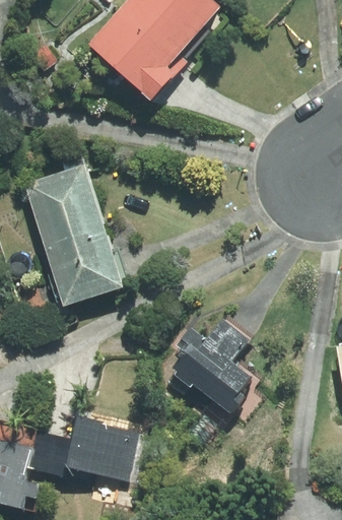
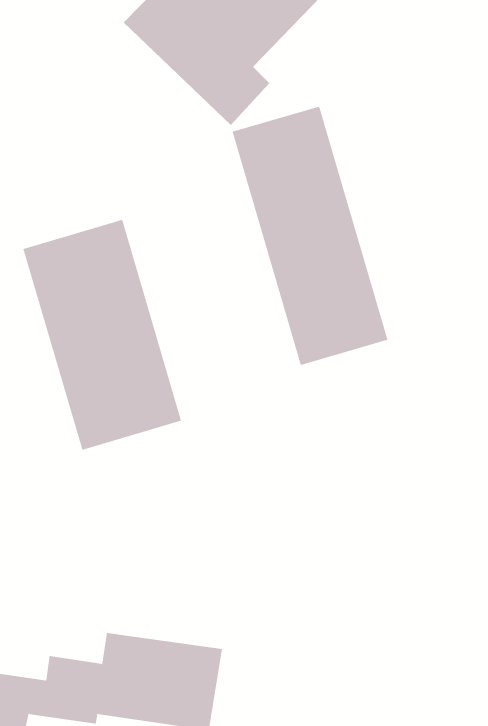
building: none -> [232,106,388,366]
building: [163,321,253,416] -> none

